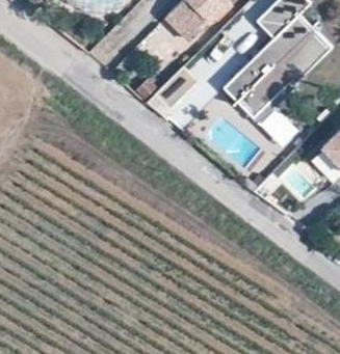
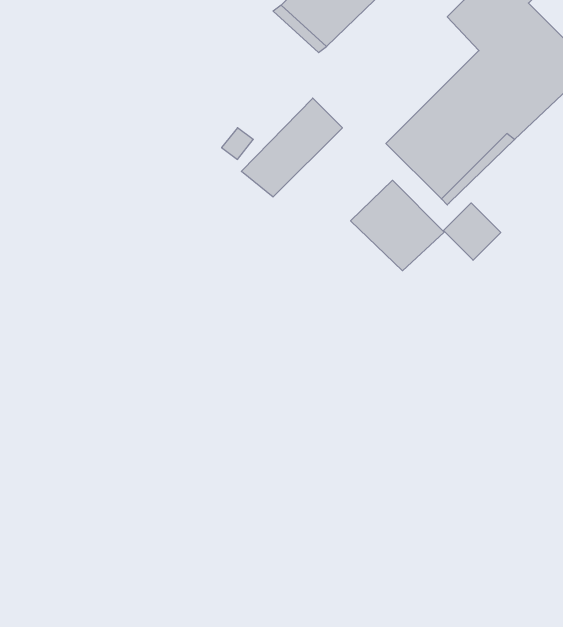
building: none -> [351,180,444,271]

